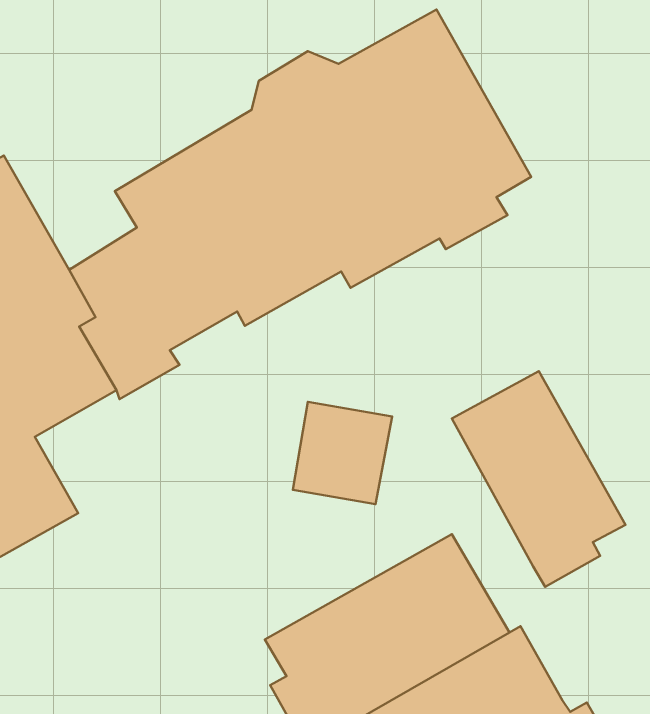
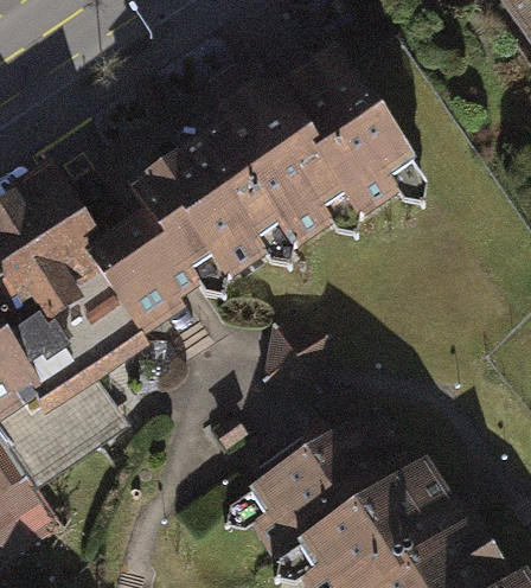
building: [452,371,625,587] -> none

